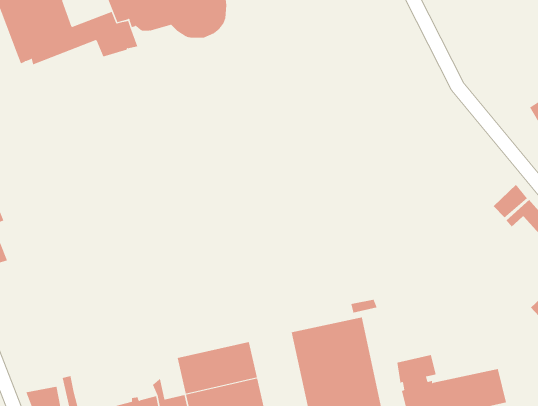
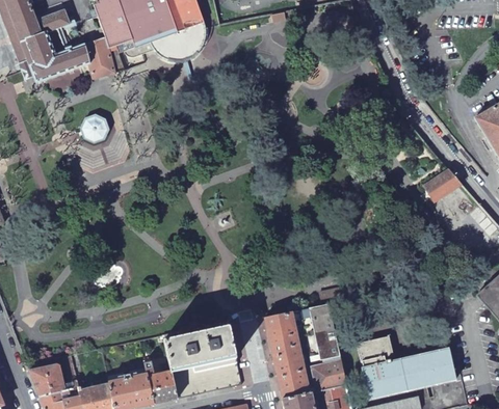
building: none -> [81,116,106,142]
building: none -> [427,169,461,201]

